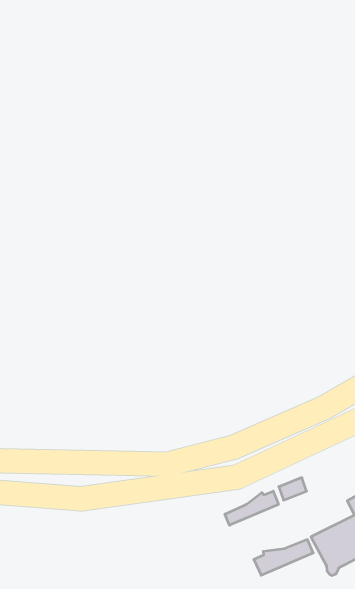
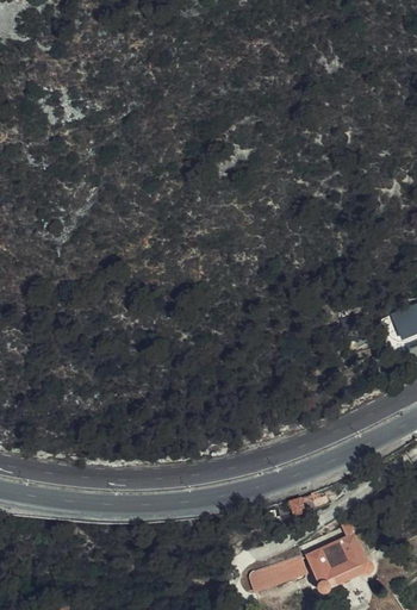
building: [225,491,278,525] -> none

